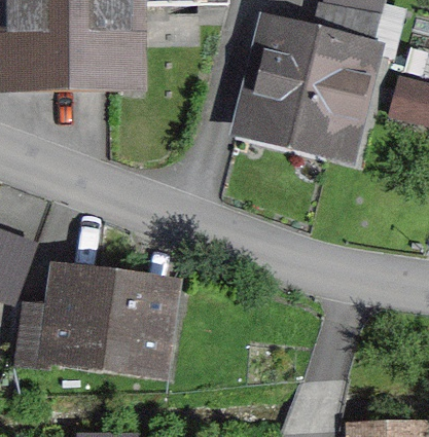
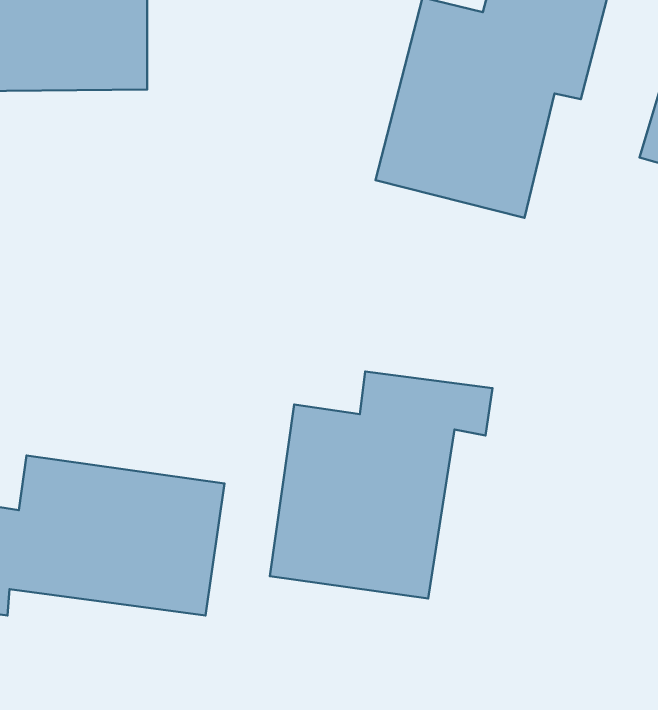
building: none -> [270,372,493,599]

